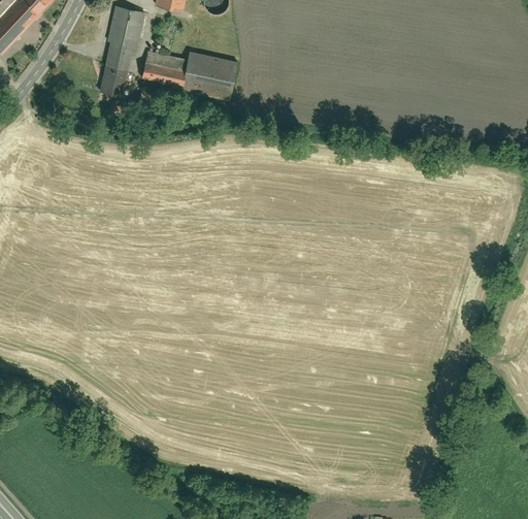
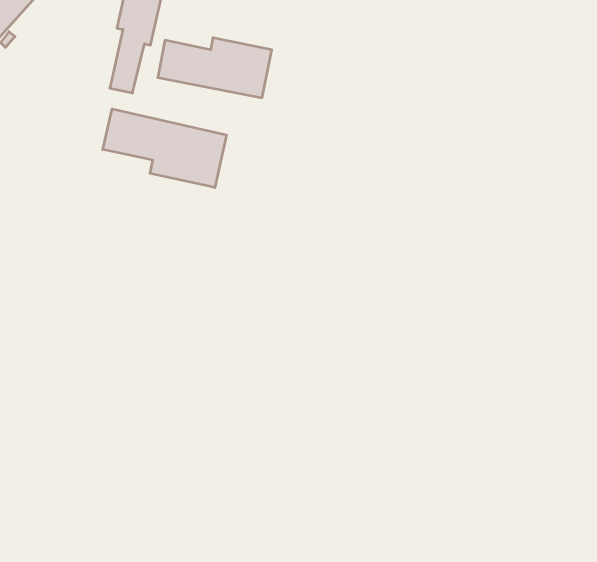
building: none -> [103,109,226,188]

